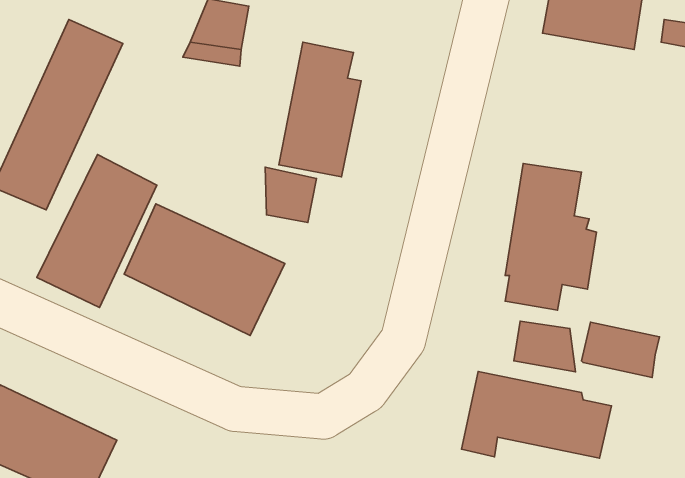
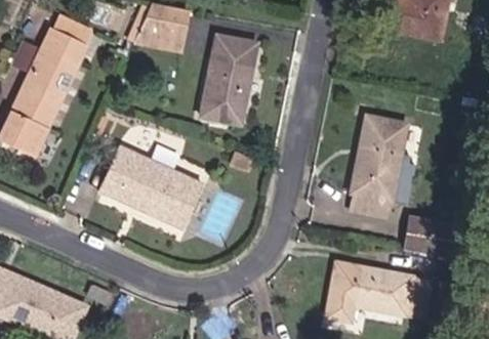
building: [37,155,157,307] -> none
building: [265,167,317,222] -> none
building: [514,321,576,372] -> none

